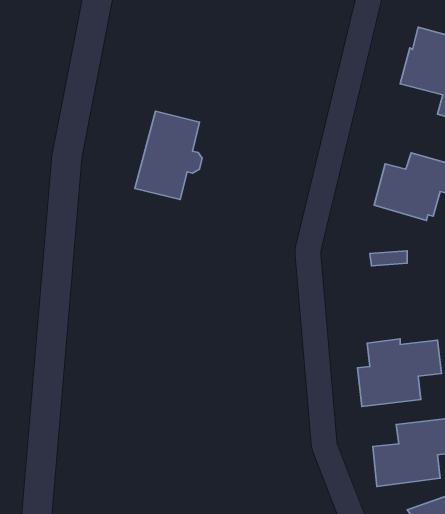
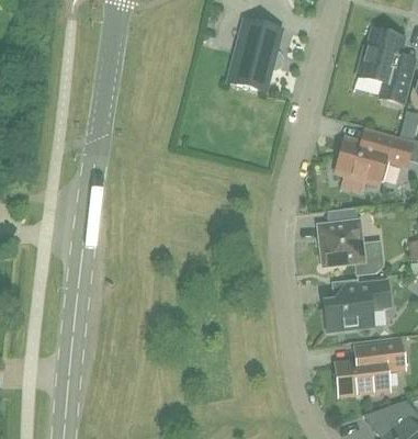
building: [135,111,202,199] -> [229,20,283,90]
building: none -> [318,219,382,272]

